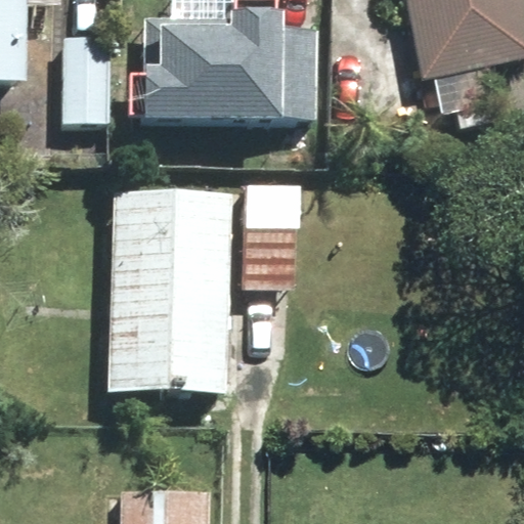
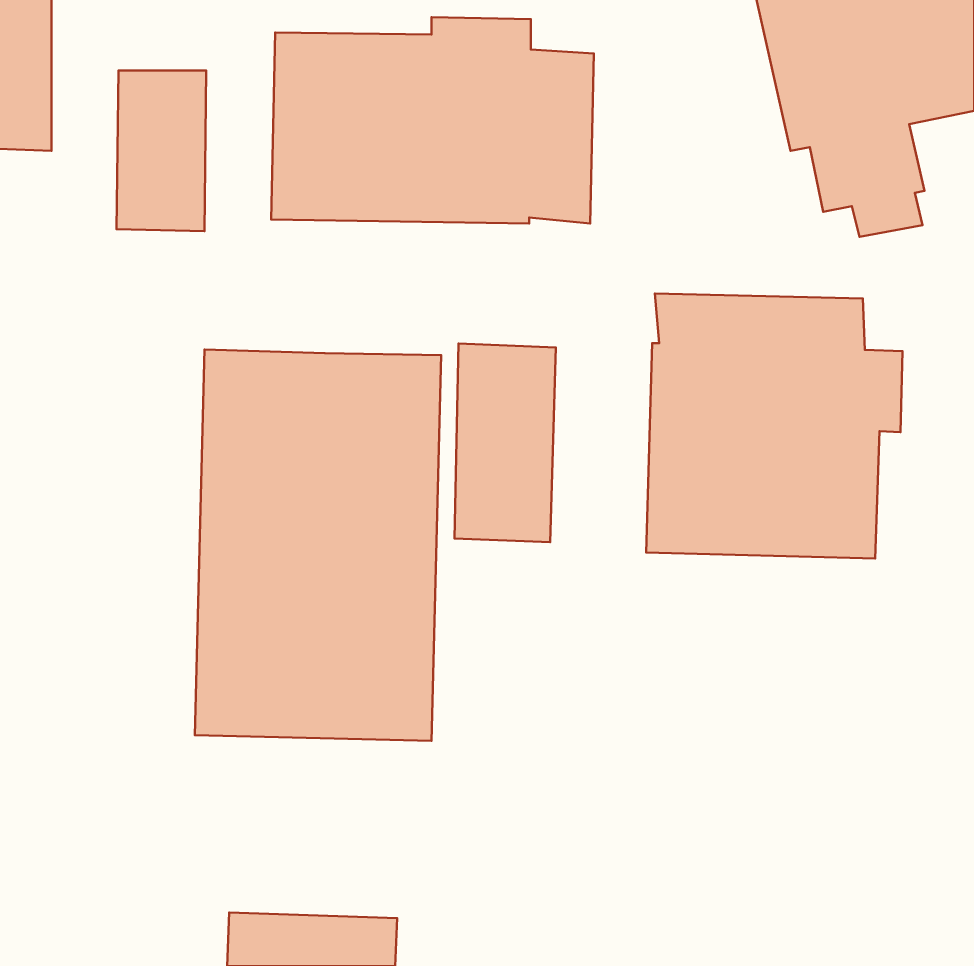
building: none -> [646,293,902,558]

